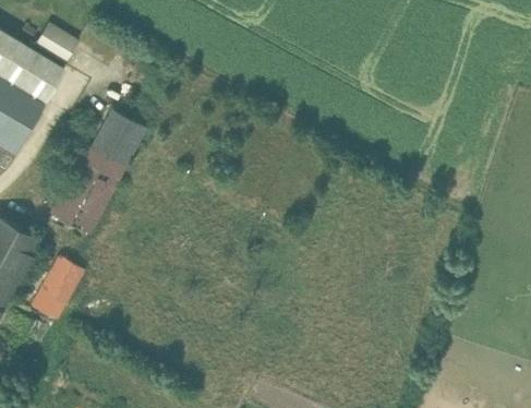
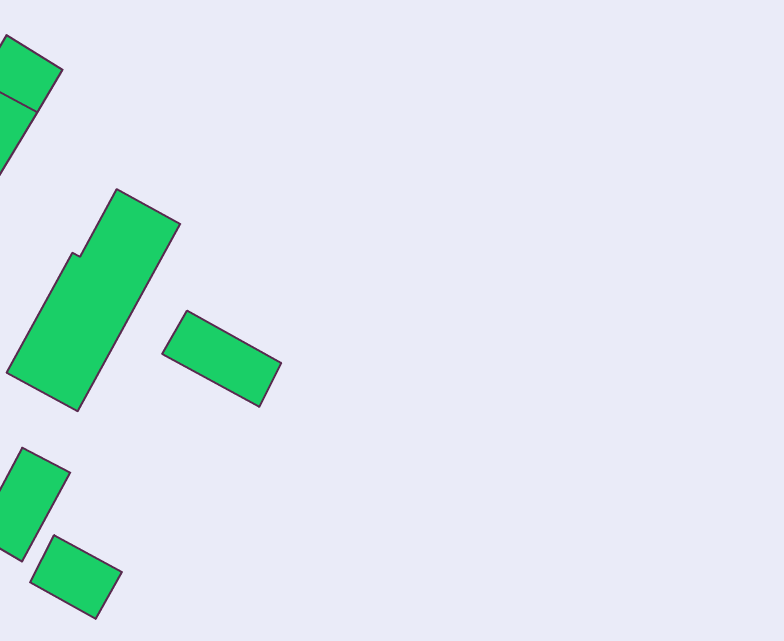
building: none -> [162,311,281,407]
building: none -> [30,535,122,619]

